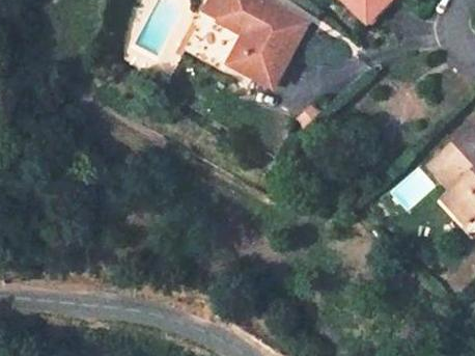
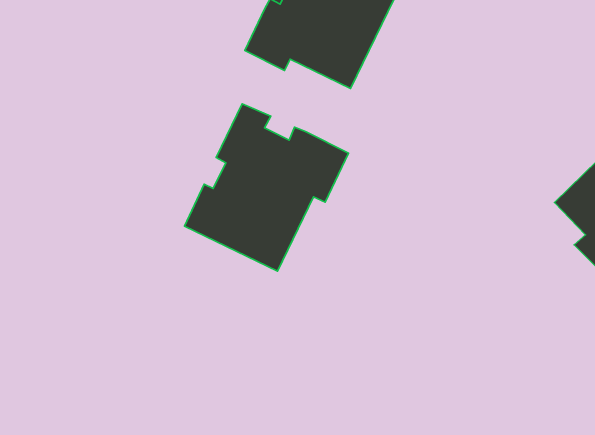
building: none -> [184,104,348,271]

